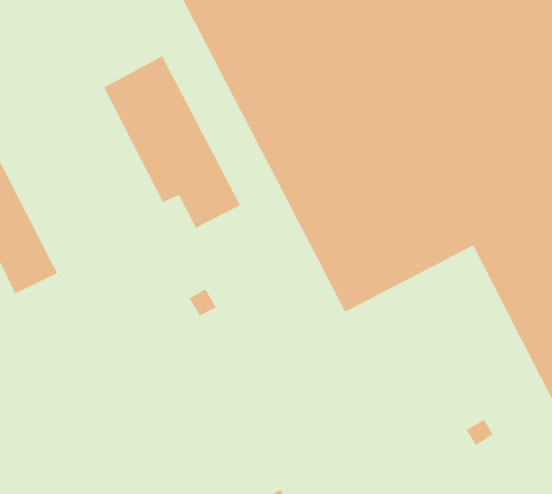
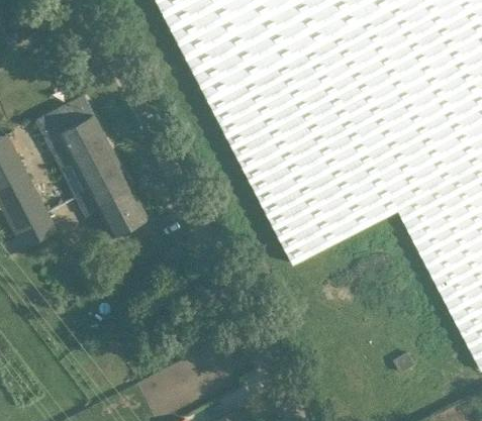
building: [103,55,241,229] -> [34,92,148,234]

